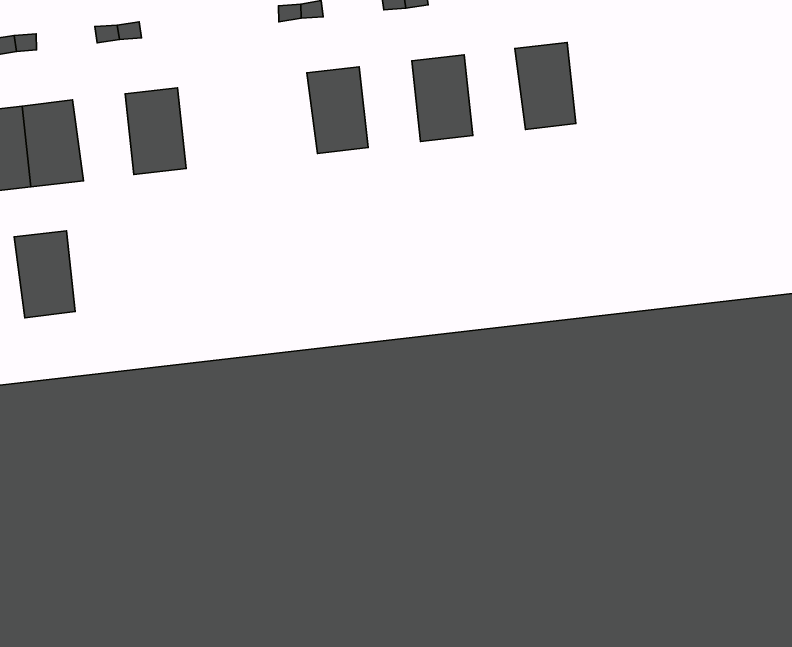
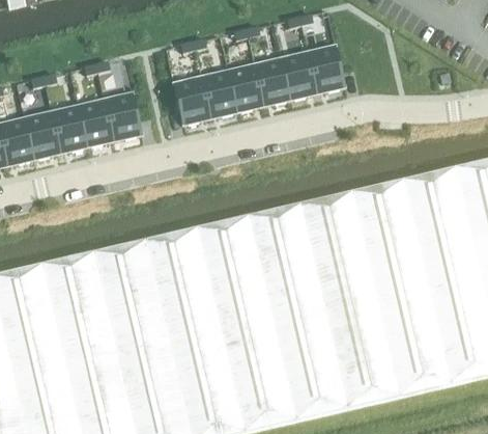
building: none -> [276,53,312,101]
building: none -> [222,65,258,113]
building: none -> [169,78,205,126]
building: [14,231,75,318] -> [75,100,111,147]

